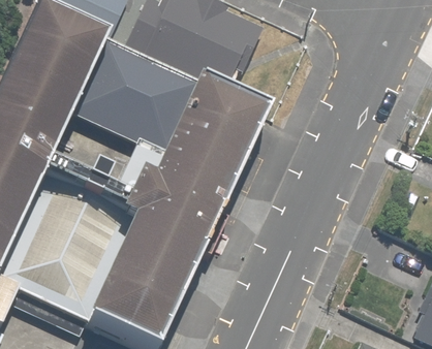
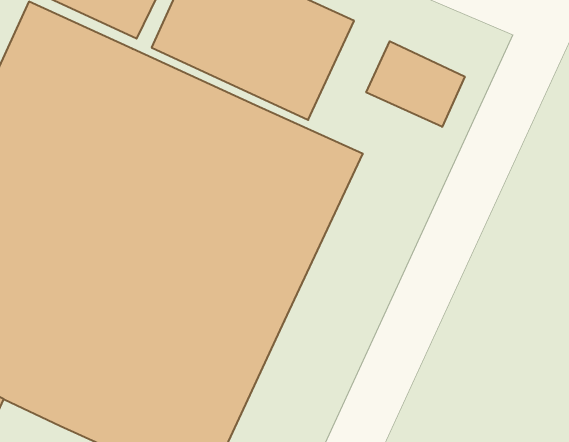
building: none -> [366,41,465,127]

